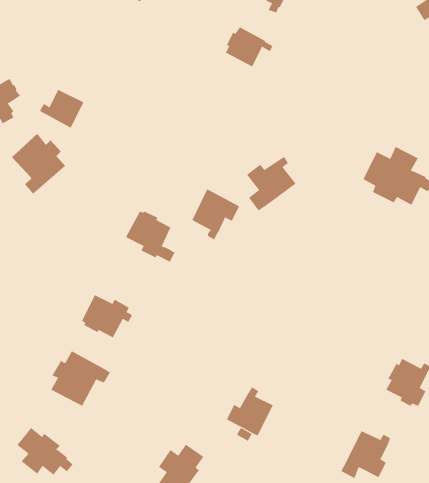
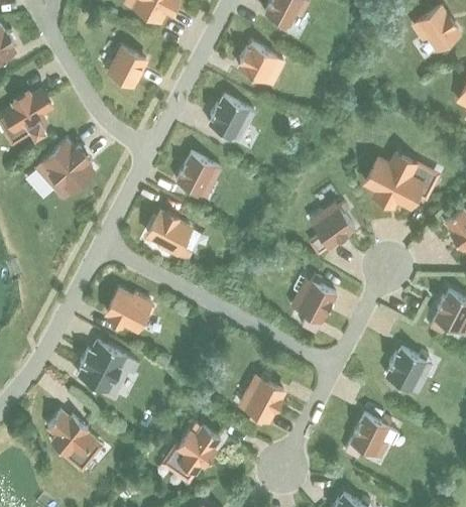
building: none -> [209,96,254,143]
building: [39,89,84,129] -> [104,48,145,85]
building: [246,156,297,211] -> [309,204,355,254]
building: [191,188,240,240] -> [177,152,221,200]
building: none -> [292,276,336,333]

